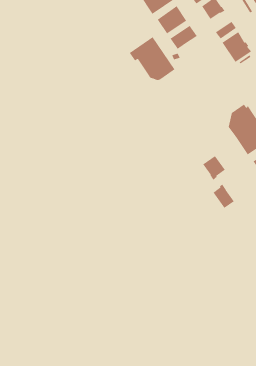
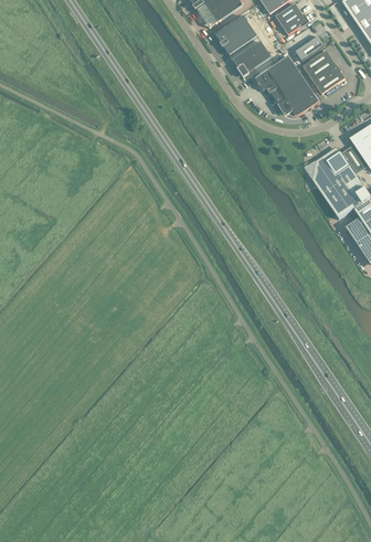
building: [128,36,176,81] -> [254,54,318,115]
building: [202,155,226,181] -> none
building: [213,183,235,209] -> none

